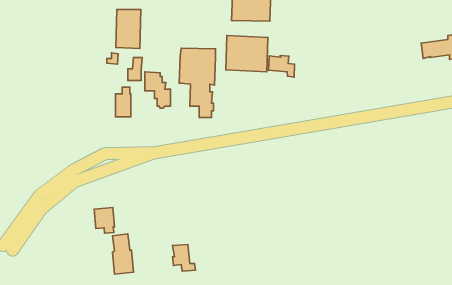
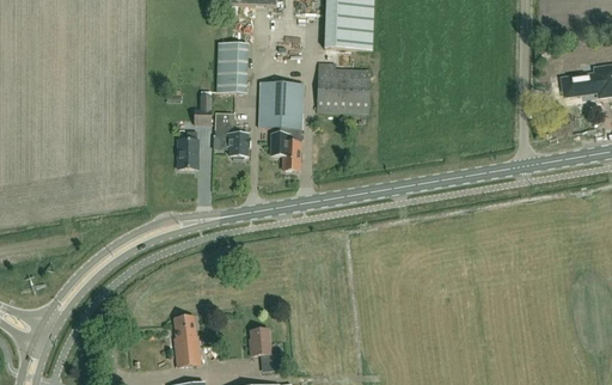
building: [116,9,141,49] -> [216,43,247,92]
building: [269,55,295,77] -> none
building: [94,207,114,233] -> none

